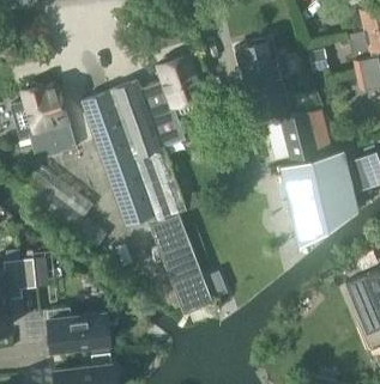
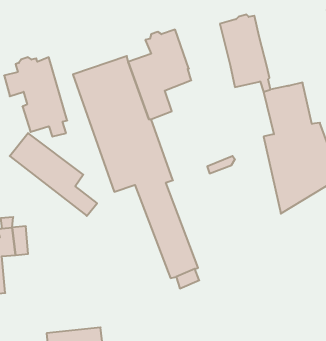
building: [47,309,108,349] -> none

